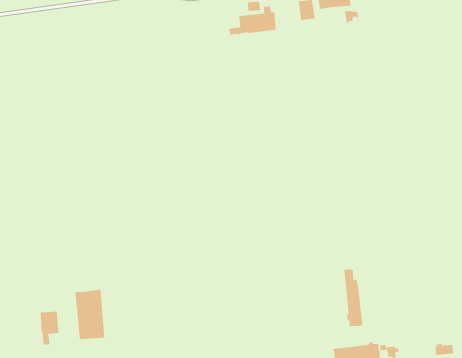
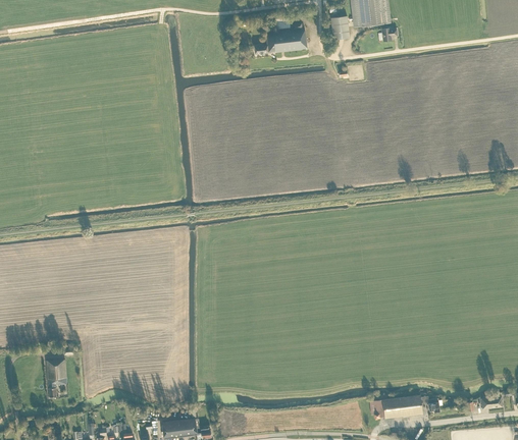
building: [344,269,363,327] -> none
building: [75,289,105,340] -> none

